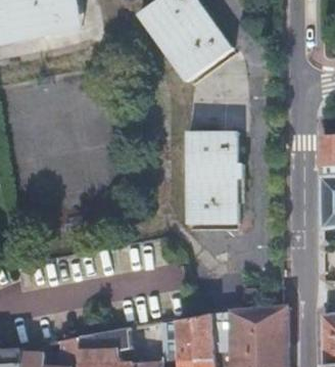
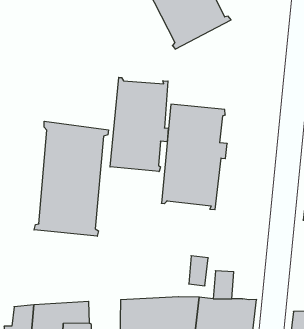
building: none -> [110,77,168,172]
building: none -> [34,121,108,236]

